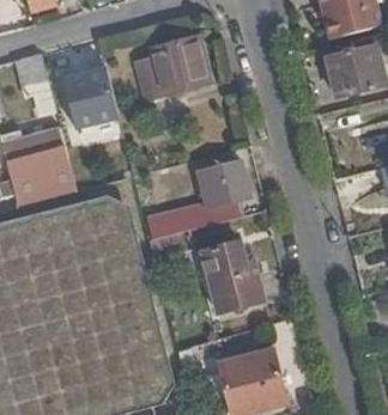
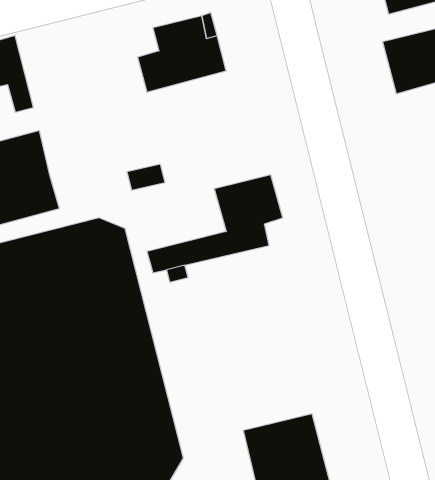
building: [61,63,121,146] -> none
building: [199,243,262,313] -> none

